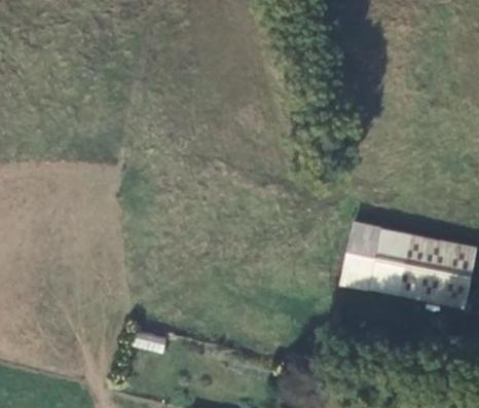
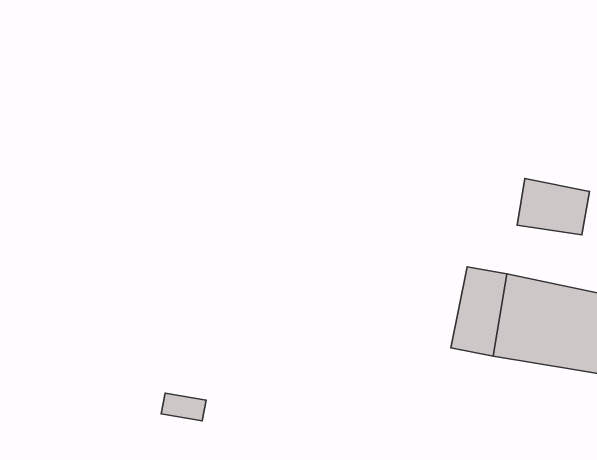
building: none -> [517,179,590,235]

